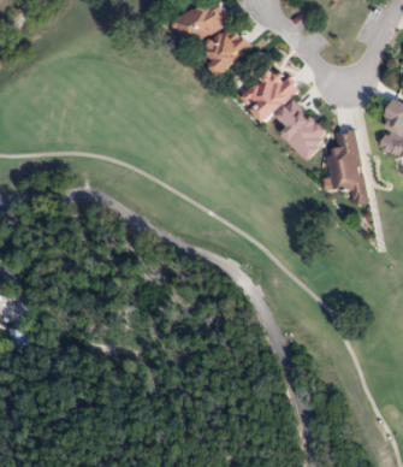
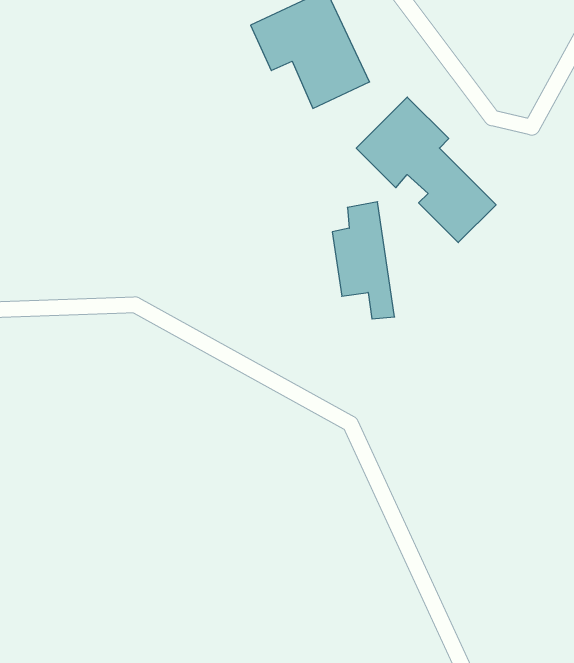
building: [326,130,366,205] -> [332,202,395,319]

